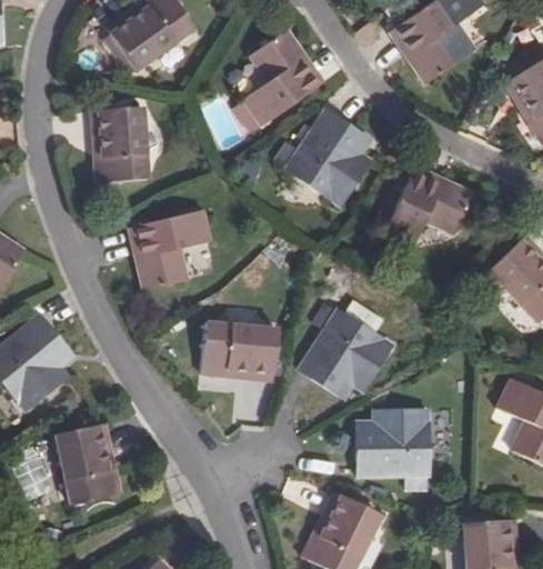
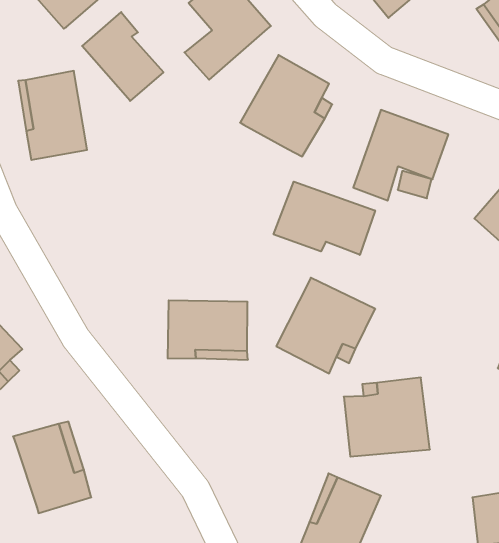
building: none -> [82,12,163,101]
building: [128,209,209,289] -> none
building: none -> [274,182,375,255]

